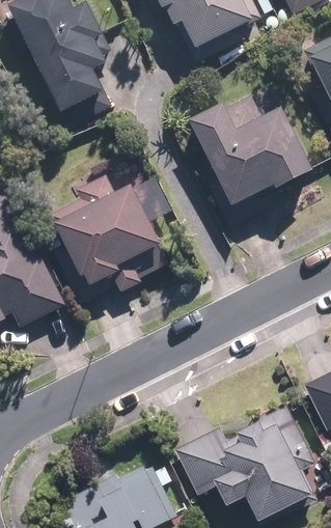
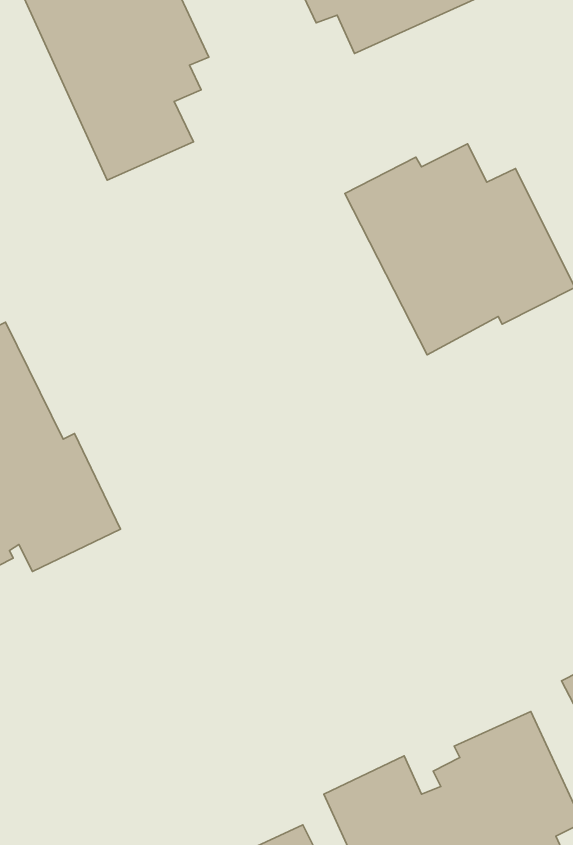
building: [49,172,170,295] -> none

